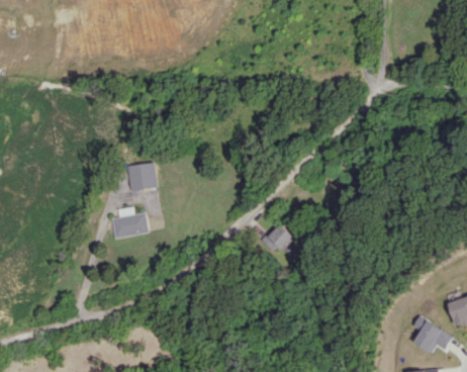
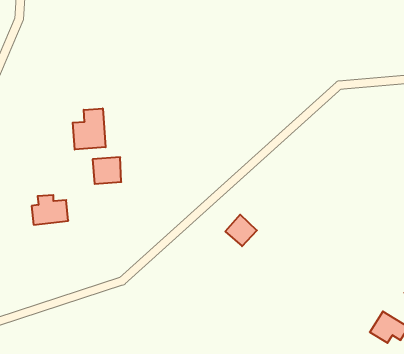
building: none -> [73,108,106,150]
building: [111,207,149,238] -> [32,195,68,225]

